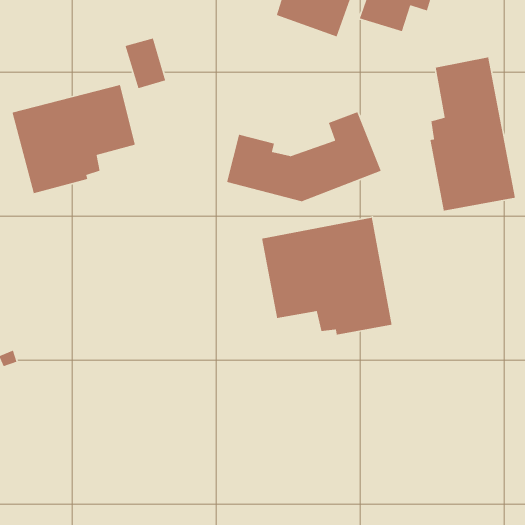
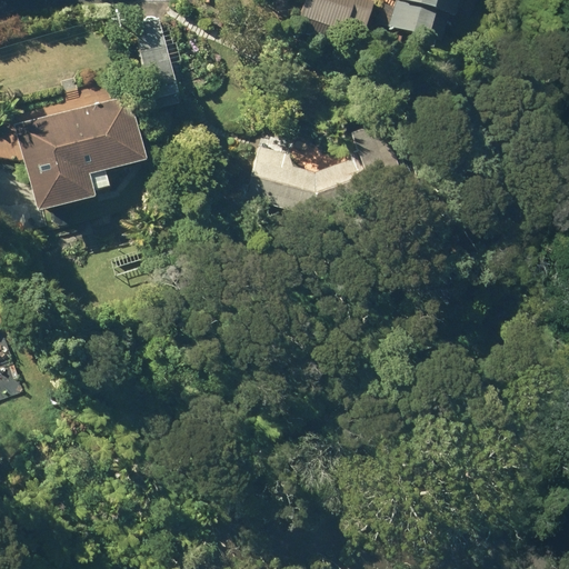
building: [430,56,516,211] -> none
building: [261,217,393,335] -> none

